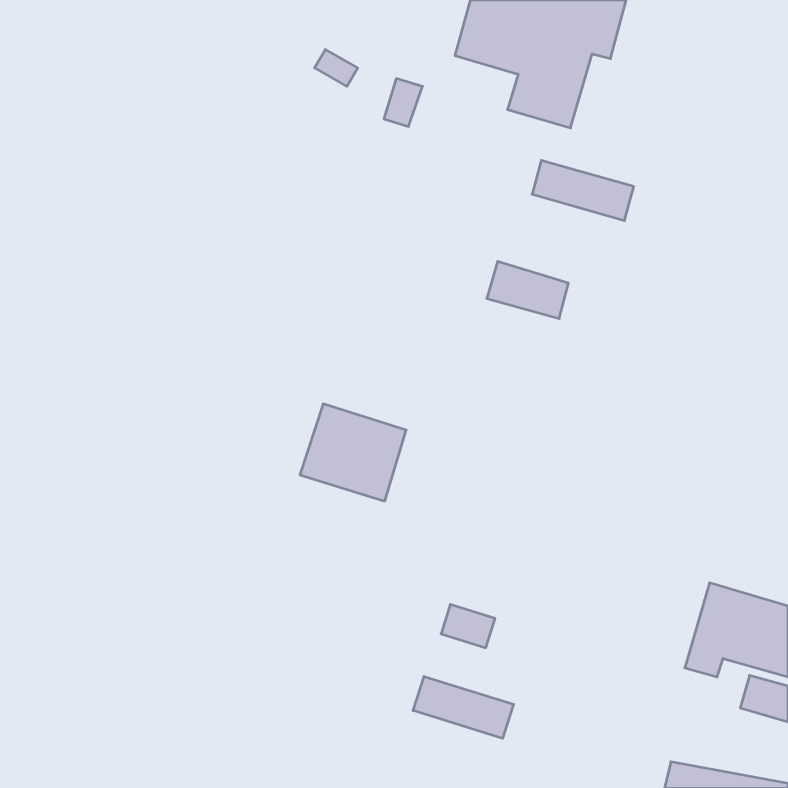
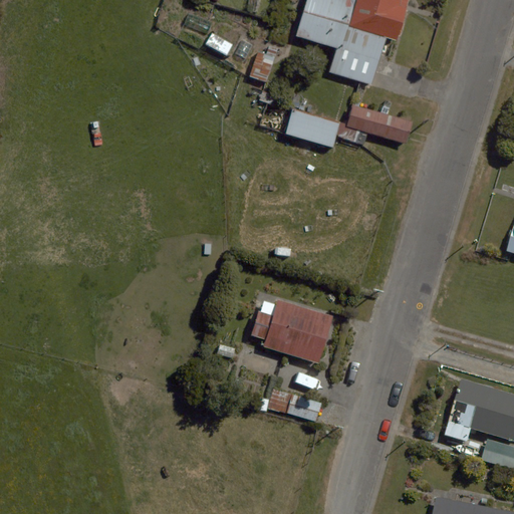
building: [487,261,568,319] -> [286,109,339,147]
building: [300,404,406,501] -> [263,300,332,363]
building: [413,676,514,738] -> none

